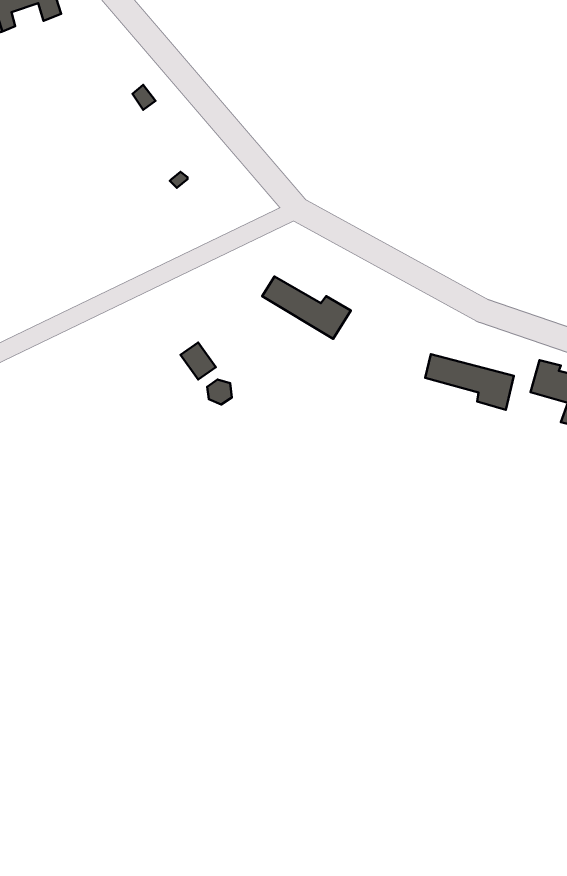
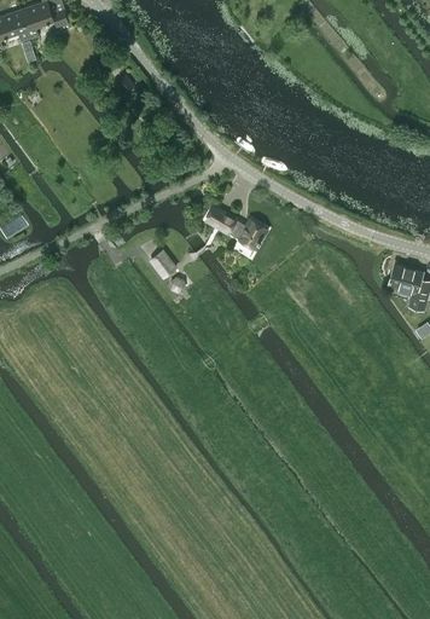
building: [425,354,514,410] -> none

